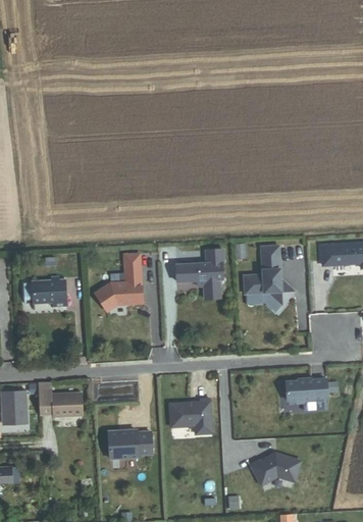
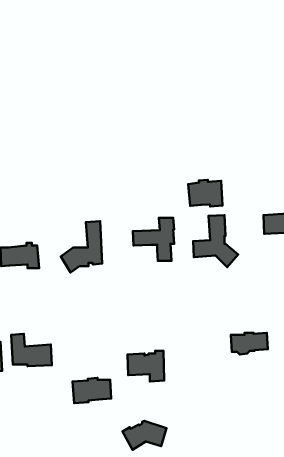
building: none -> [188,180,223,207]
building: [251,454,301,486] -> [123,421,167,450]

